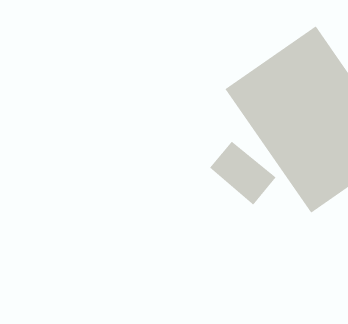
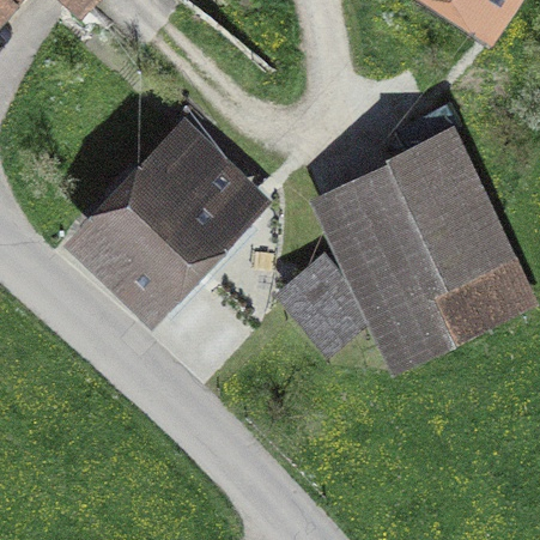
building: none -> [96,136,250,292]

